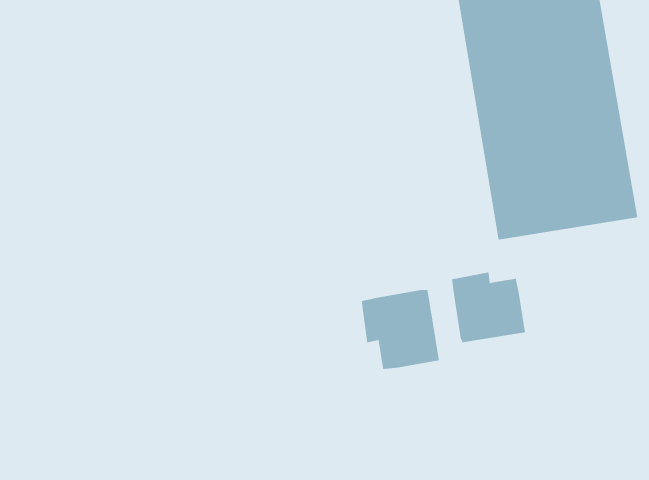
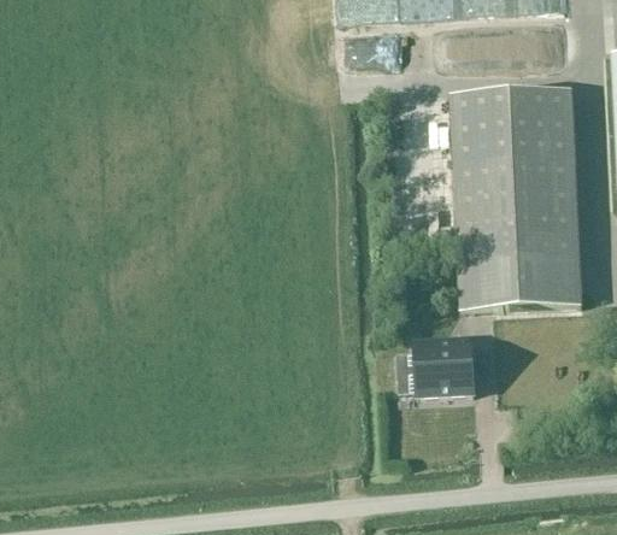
building: [361,289,440,370] -> none

